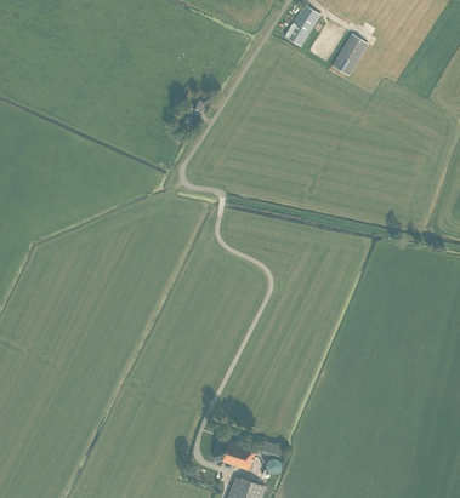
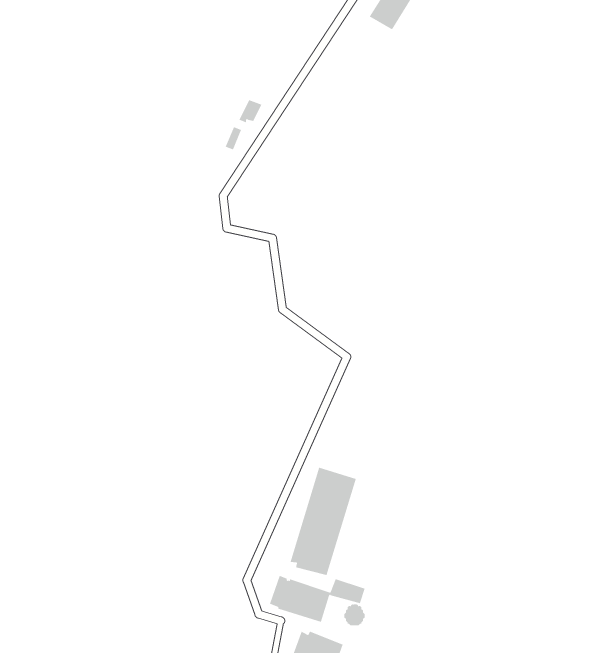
building: [330,33,368,76] -> none
building: none -> [290,467,357,576]

